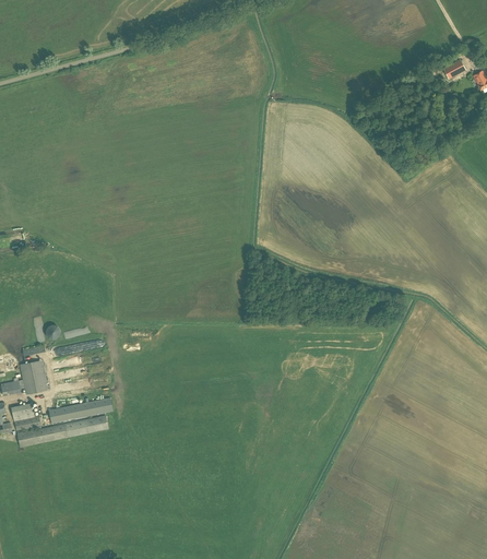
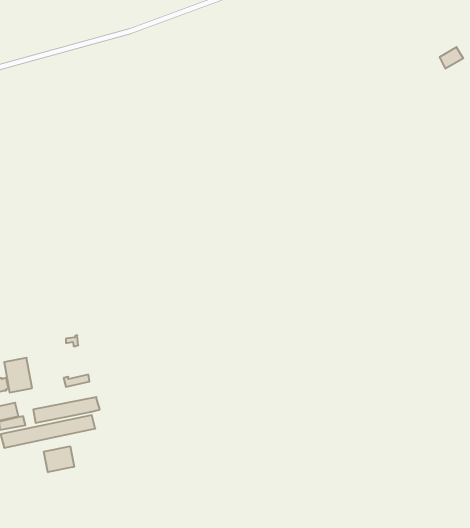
building: none -> [44,446,74,472]

